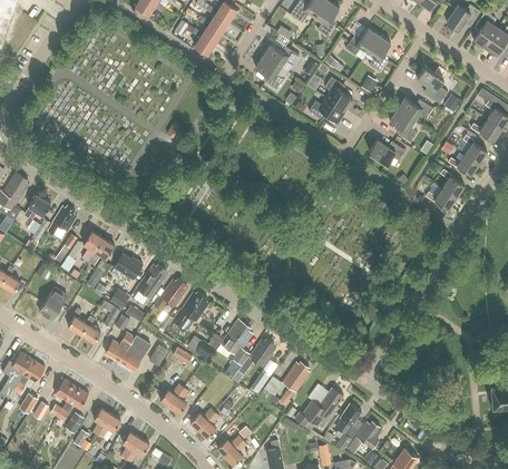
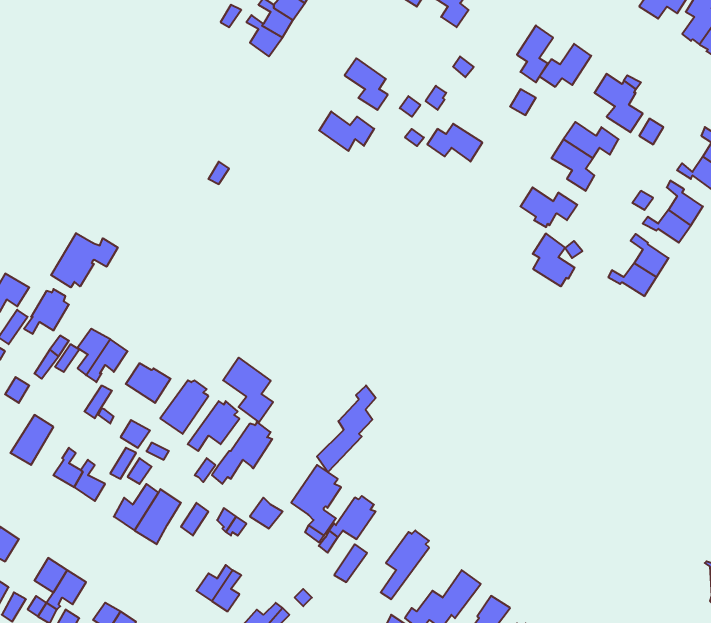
building: [345,27,379,55] -> [540,44,591,87]
building: [263,43,299,69] -> [319,111,374,151]
building: [324,77,352,110] -> none
building: none -> [51,233,118,287]
building: none -> [533,233,575,286]
building: none -> [223,358,273,422]
building: none -> [317,385,376,472]

